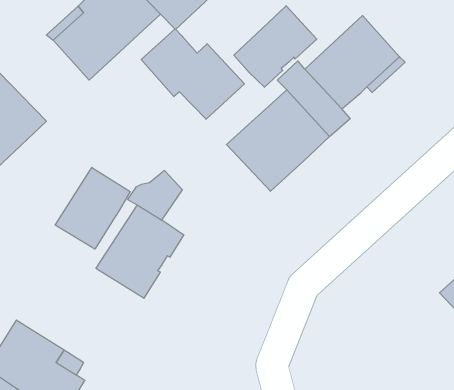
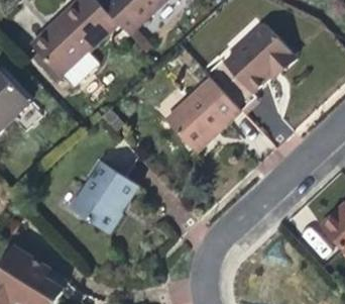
building: [234,6,317,87] -> none
building: [141,29,244,119] -> none
building: [55,167,130,249] -> none

